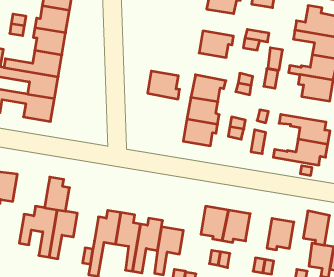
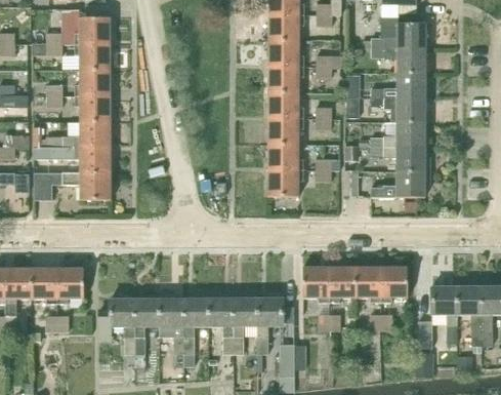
building: none -> [266,41,303,67]
building: [148,71,180,99] -> [266,92,302,119]
building: none -> [371,122,424,147]
building: [45,177,70,211] -> [159,290,183,326]
building: [303,211,330,245] -> [356,266,381,302]

